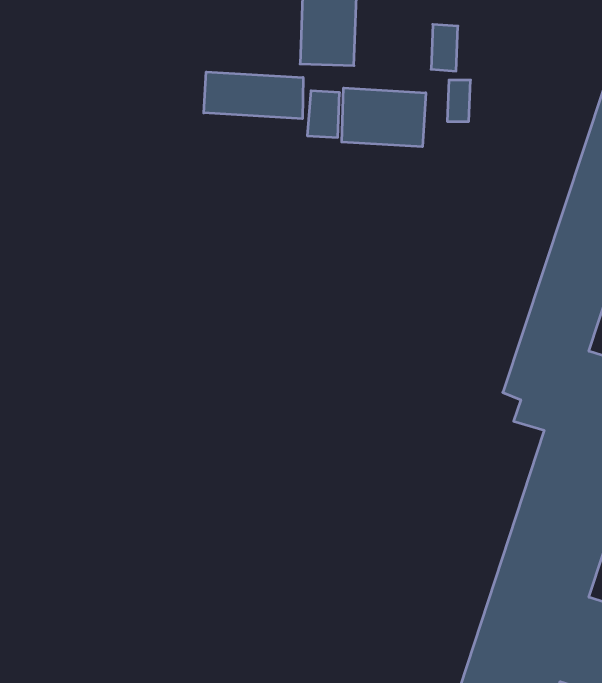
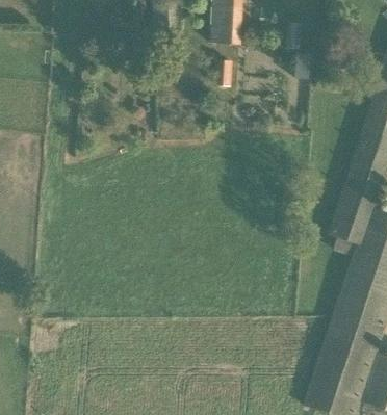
building: [204,72,303,119] -> none
building: [342,88,426,147] -> none

